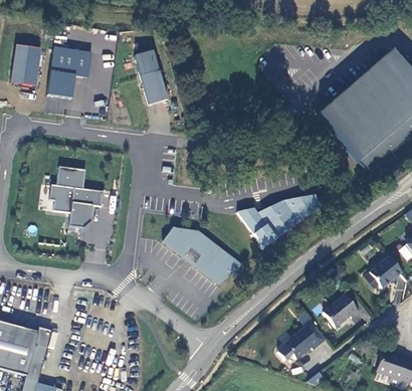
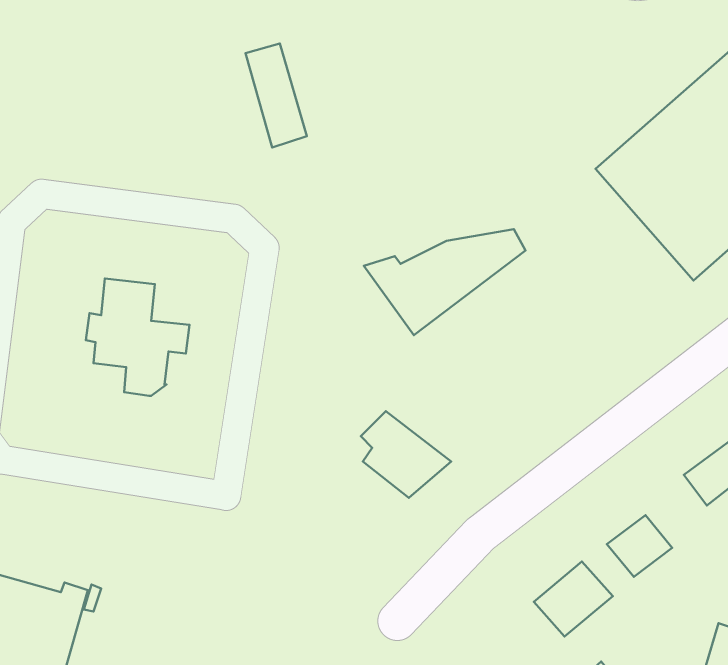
building: [12,43,42,85] -> none
building: [48,48,91,100] -> none
building: [239,194,324,249] -> [364,229,526,335]
building: [163,229,207,257] -> none

